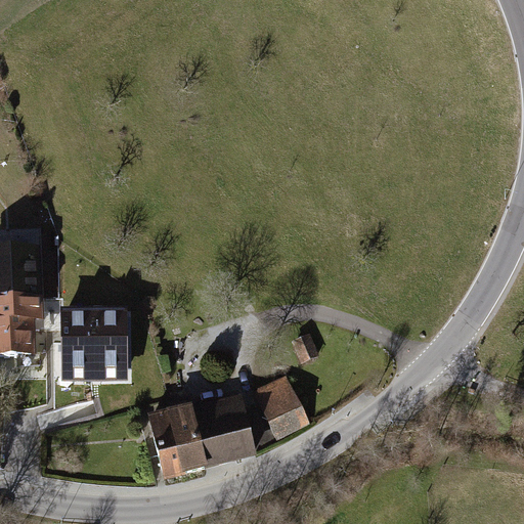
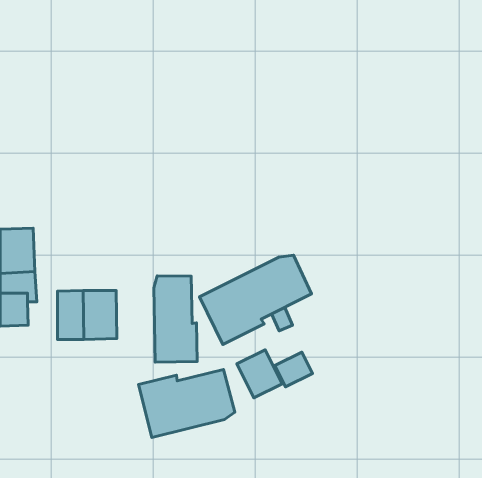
building: none -> [199,255,312,344]
building: none -> [154,276,197,362]
building: none -> [275,352,312,387]

